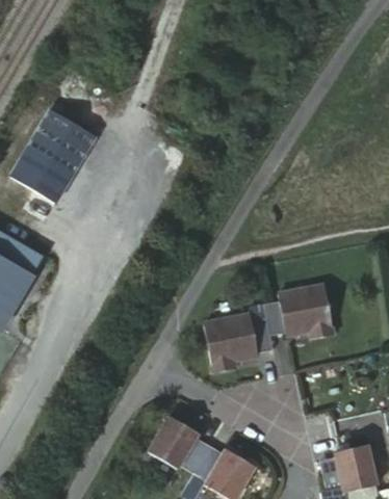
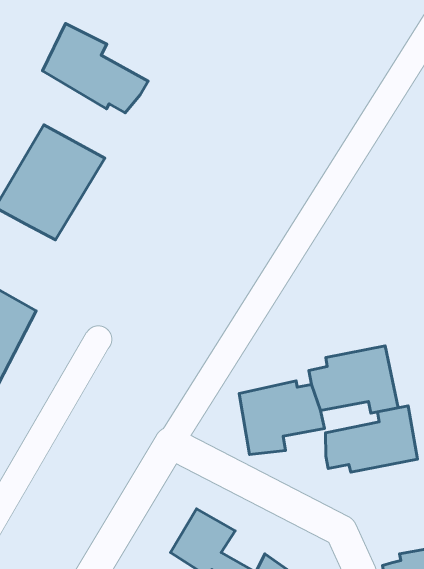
building: none -> [42,24,148,113]
building: none -> [326,406,418,472]

